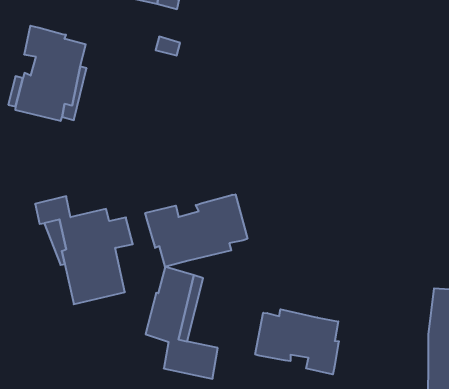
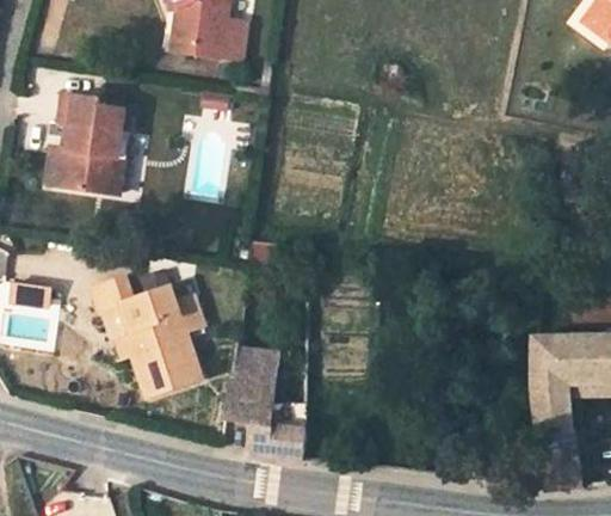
building: [145,194,247,267] -> none
building: [255,309,339,374] -> none

